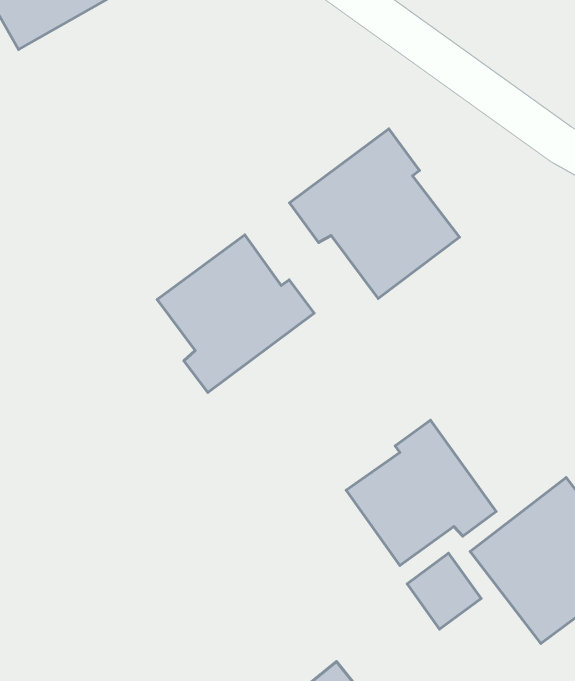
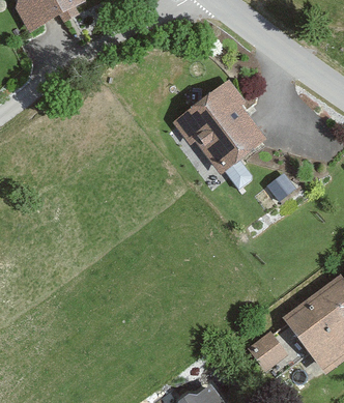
building: [157,235,314,392] -> none
building: [346,420,496,566] -> none

